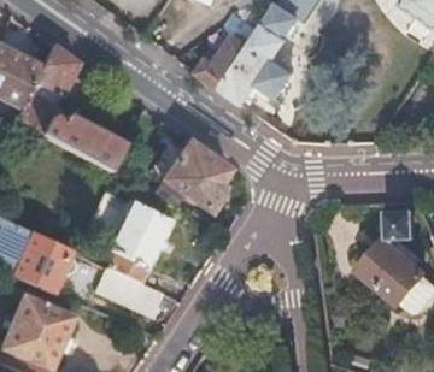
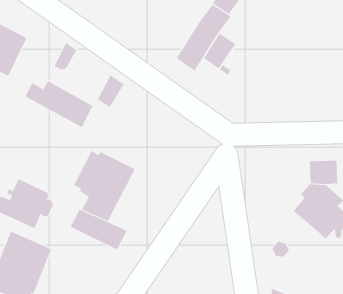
building: [197,34,247,88] -> none
building: [14,43,77,134] -> none
building: [160,140,229,214] -> none

